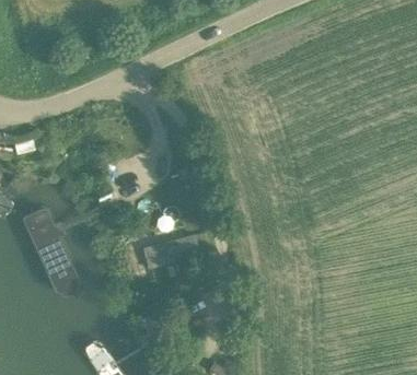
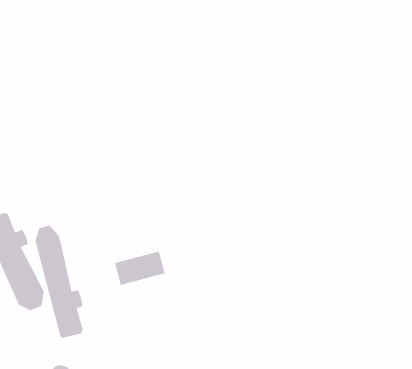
building: none -> [35,224,83,339]

